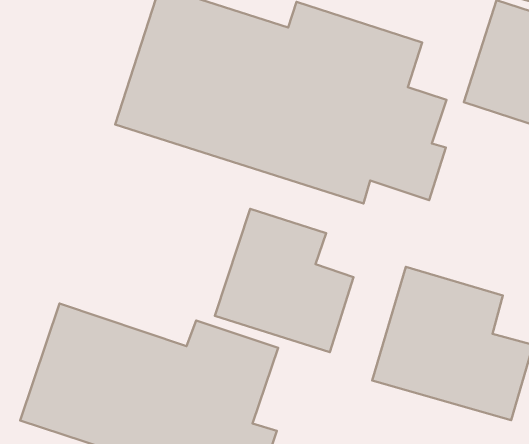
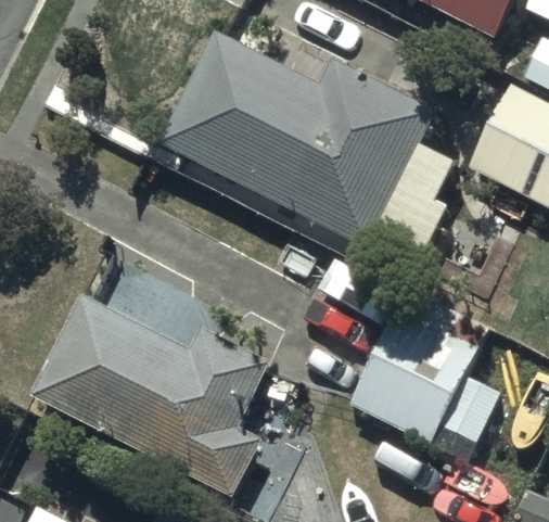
building: [215,209,354,352] -> none

